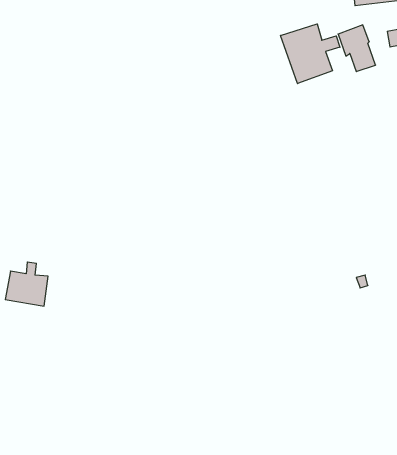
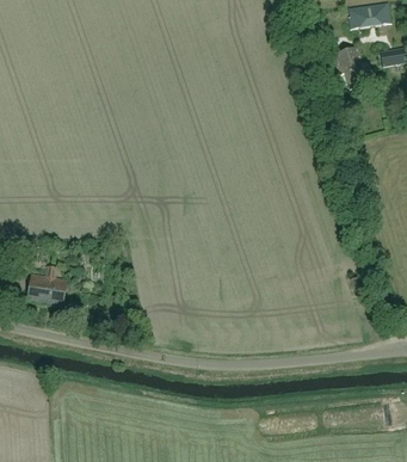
building: [281,24,340,84] -> none

